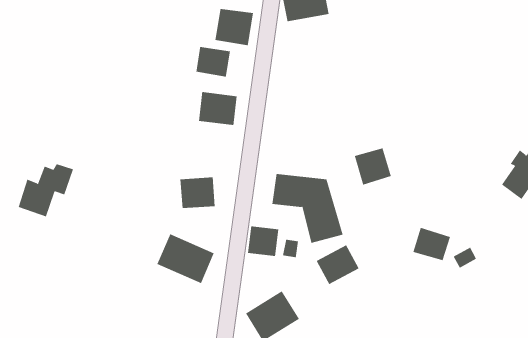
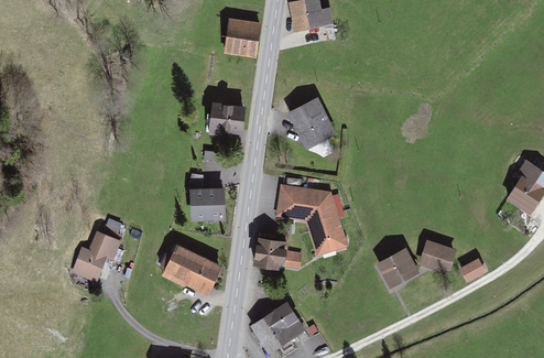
building: [196,46,230,78] -> none
building: none -> [286,98,334,148]
building: [354,148,392,185] -> none
building: [18,164,74,217] -> [67,229,123,283]
building: [316,244,359,285] -> [374,248,418,289]

